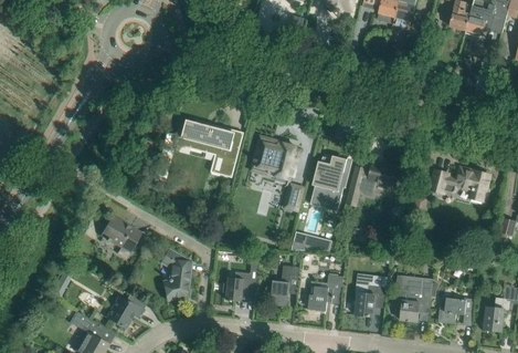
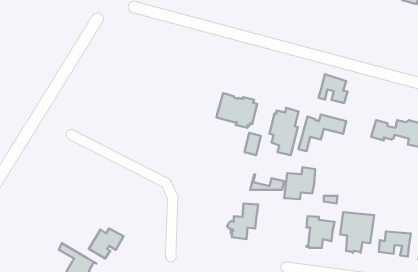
building: none -> [319,74,348,103]
building: [178,120,243,178] -> none
building: [99,219,140,259] -> none
building: [161,249,190,300] -> none
building: [225,260,258,302] -> none
building: [307,274,342,311] -> [284,167,315,199]

